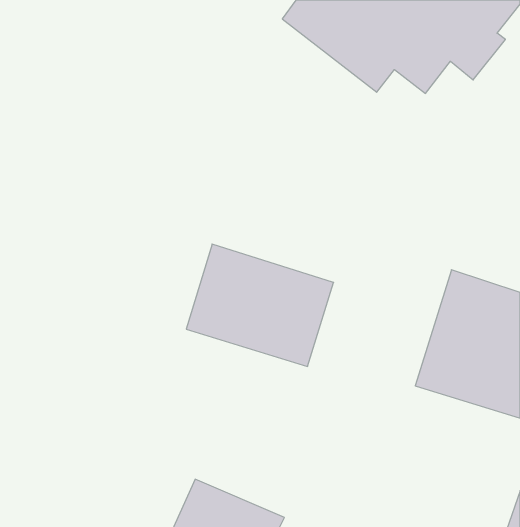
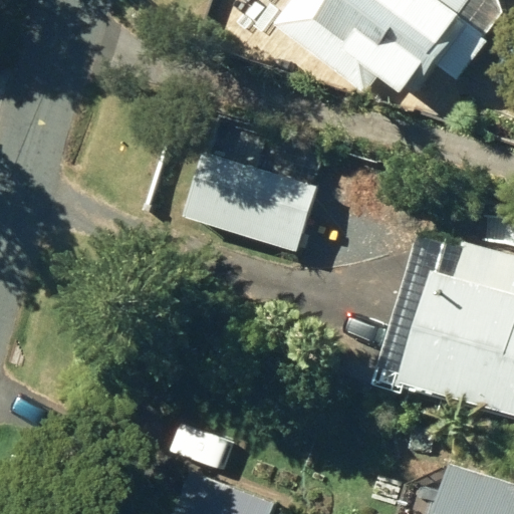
building: [186,244,334,366] -> [177,132,319,250]

